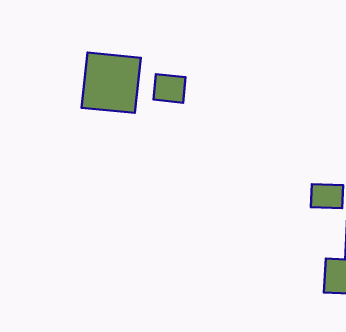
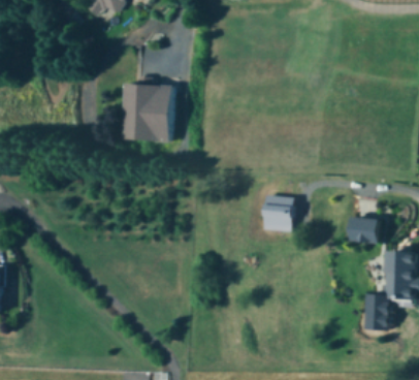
building: [153,74,186,103] -> none
building: none -> [262,195,294,230]

